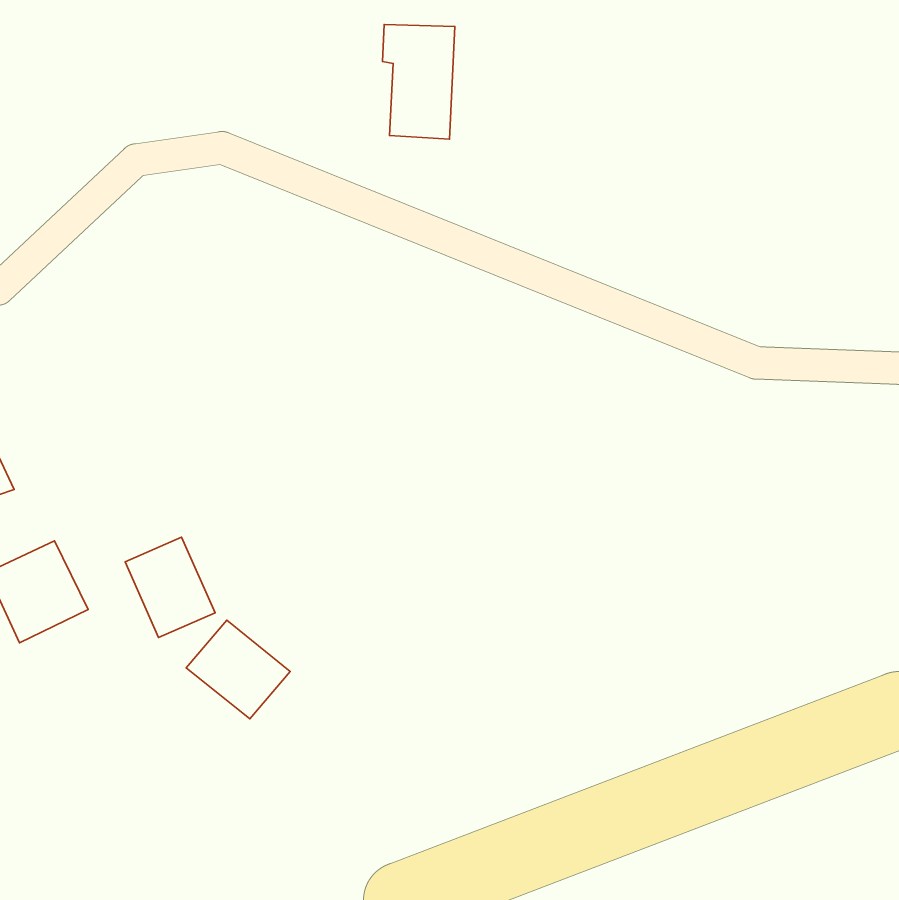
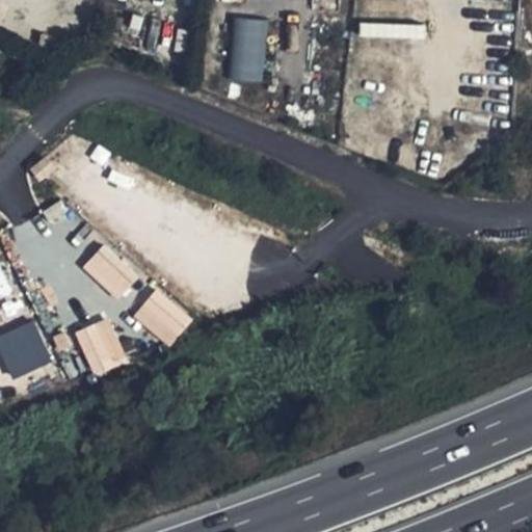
building: none -> [81,244,137,299]
building: [186,620,290,719] -> [131,288,192,346]

